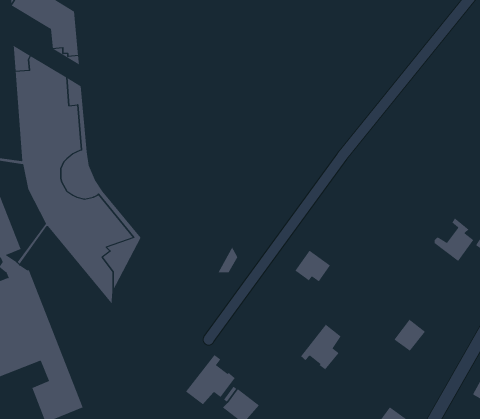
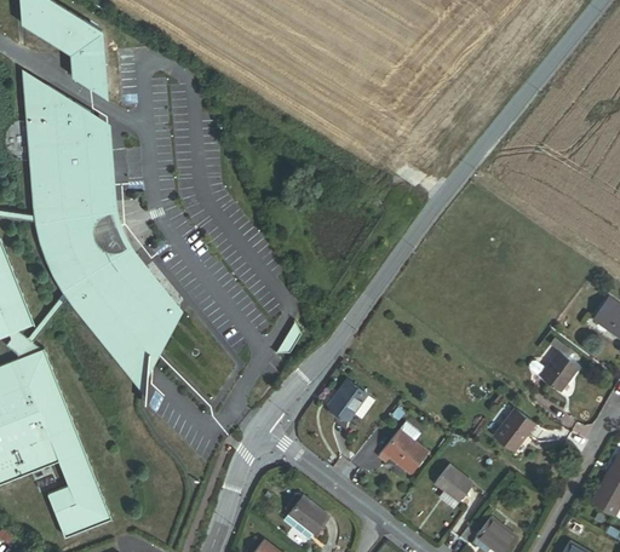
building: [434,218,474,262] -> [528,338,578,392]
building: [294,250,331,282] -> [328,381,373,421]
building: [185,354,235,405] -> none
building: none -> [435,466,470,507]

